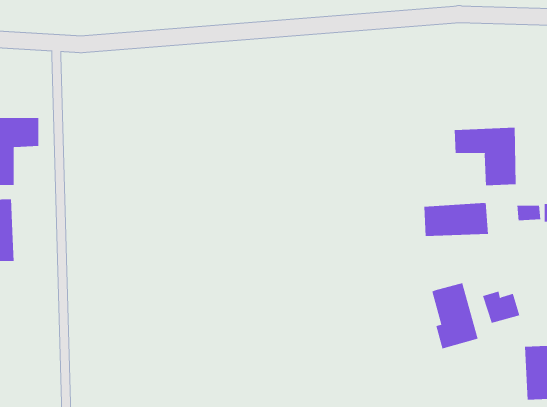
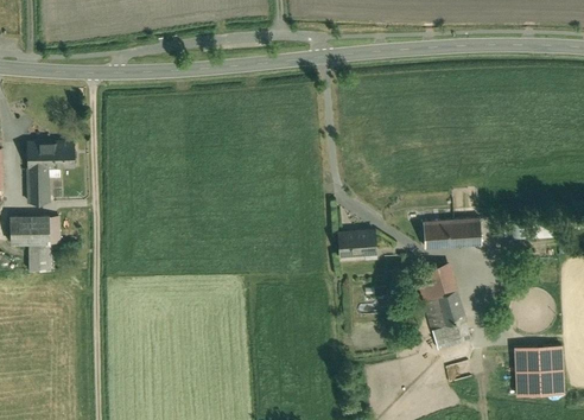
building: [454,127,516,186] -> none
building: none -> [338,228,377,257]
building: [482,291,520,323] -> [424,268,458,298]

